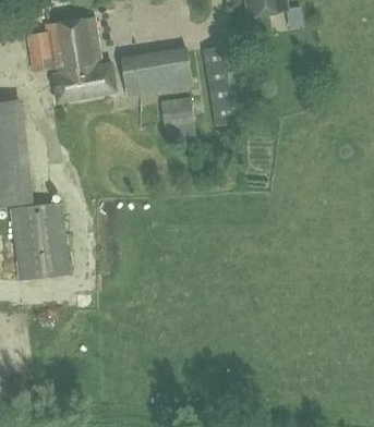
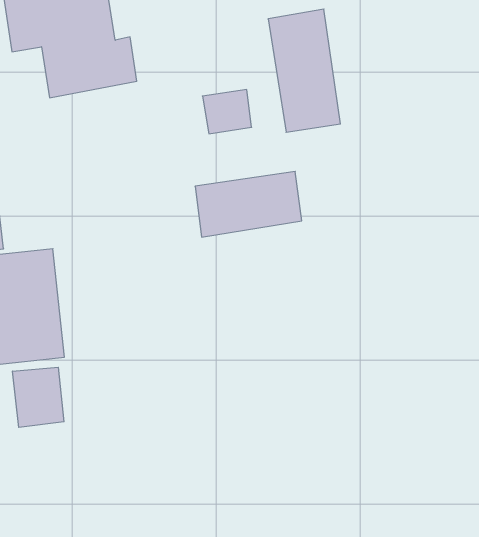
building: [122,49,193,93] -> [195,171,302,237]
building: none -> [13,367,64,427]

